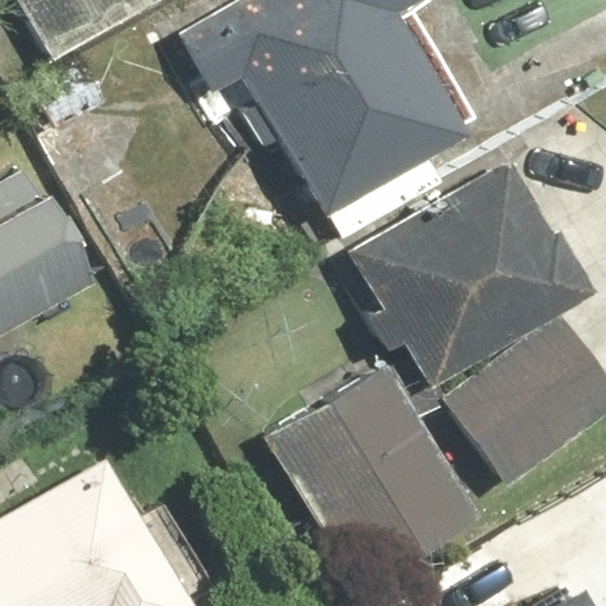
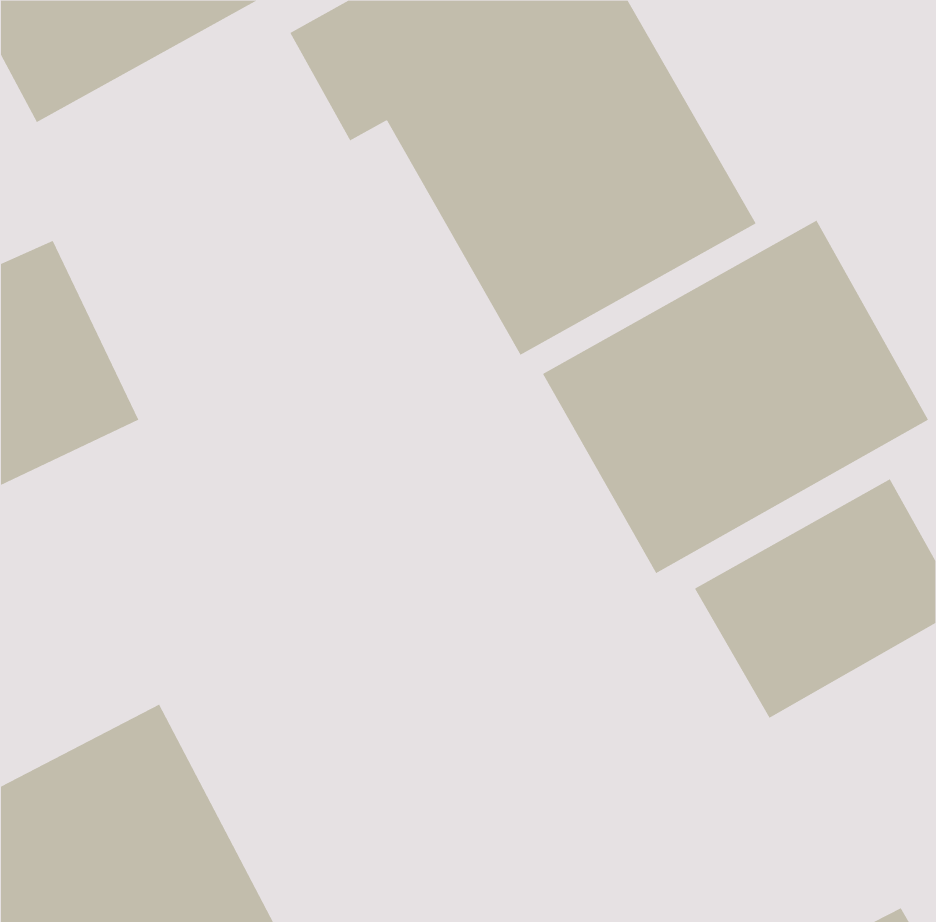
building: [260,359,475,586] -> none

